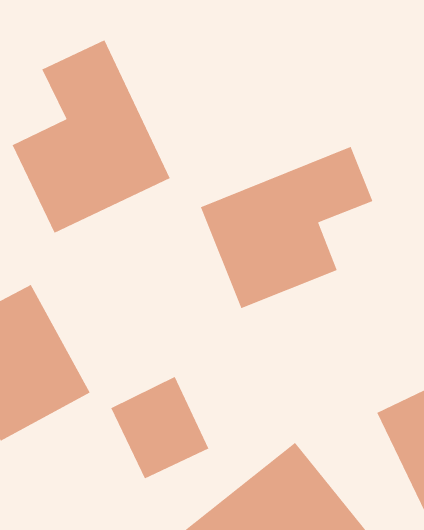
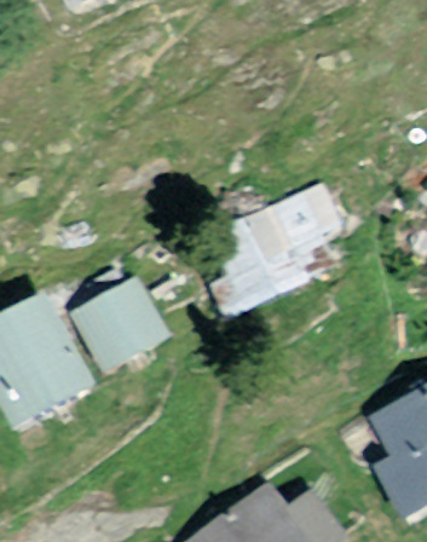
building: [12,39,171,234] -> none
building: [110,376,210,479] -> [83,277,174,371]

